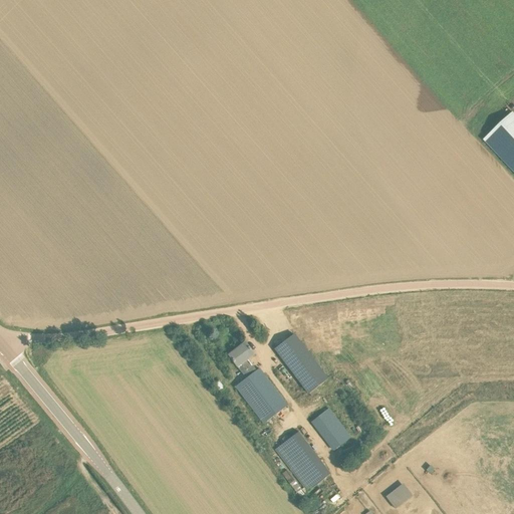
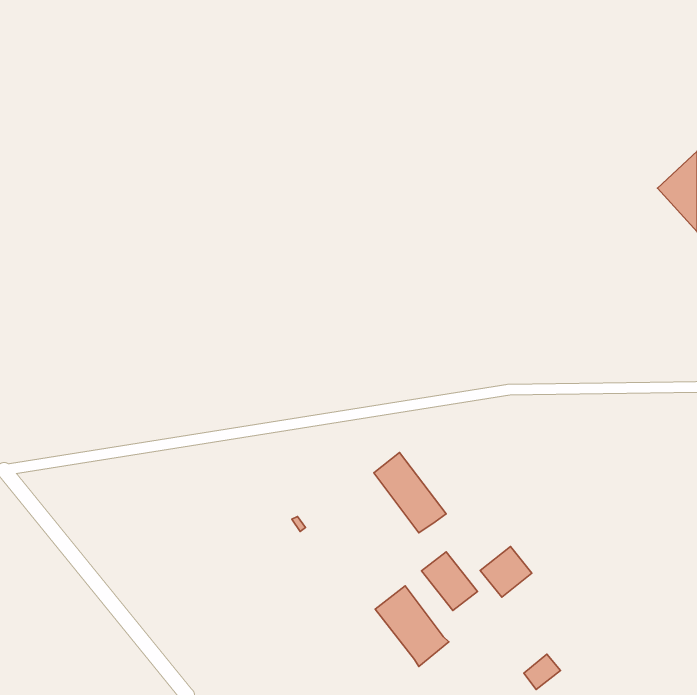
building: [228,342,287,423] -> none
building: none -> [480,547,532,597]

